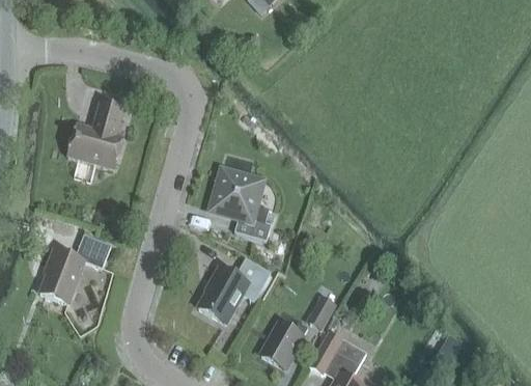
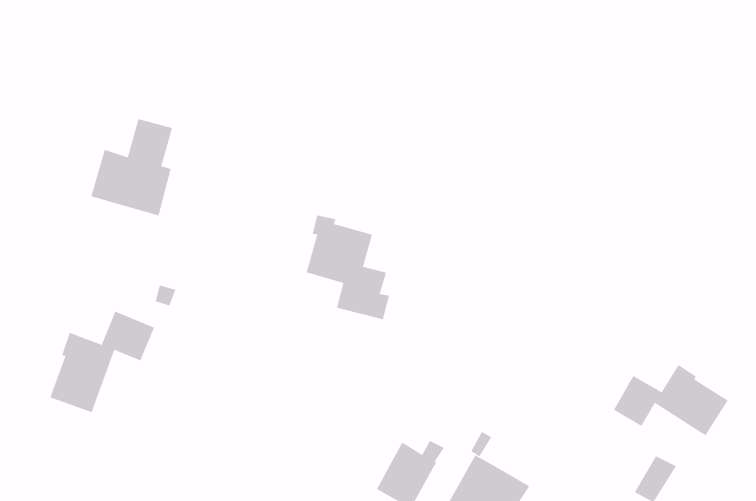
building: [198,256,271,322] -> none
building: none -> [613,364,729,436]
building: [305,293,337,329] -> none

